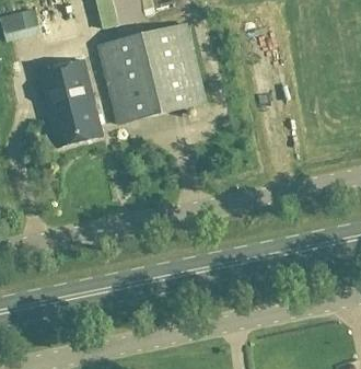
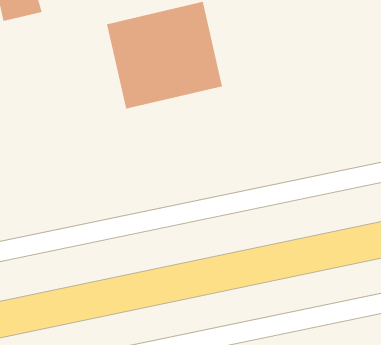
building: [37,64,102,148] -> none

